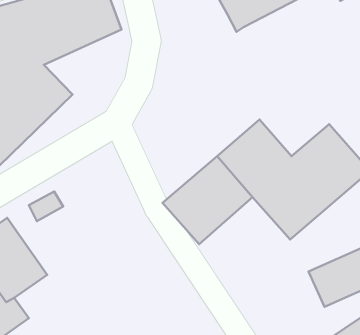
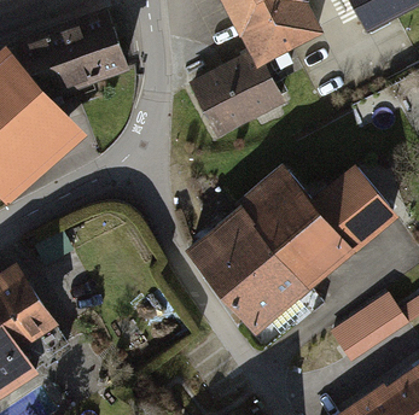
building: none -> [186,49,284,135]
building: none -> [217,242,314,337]

